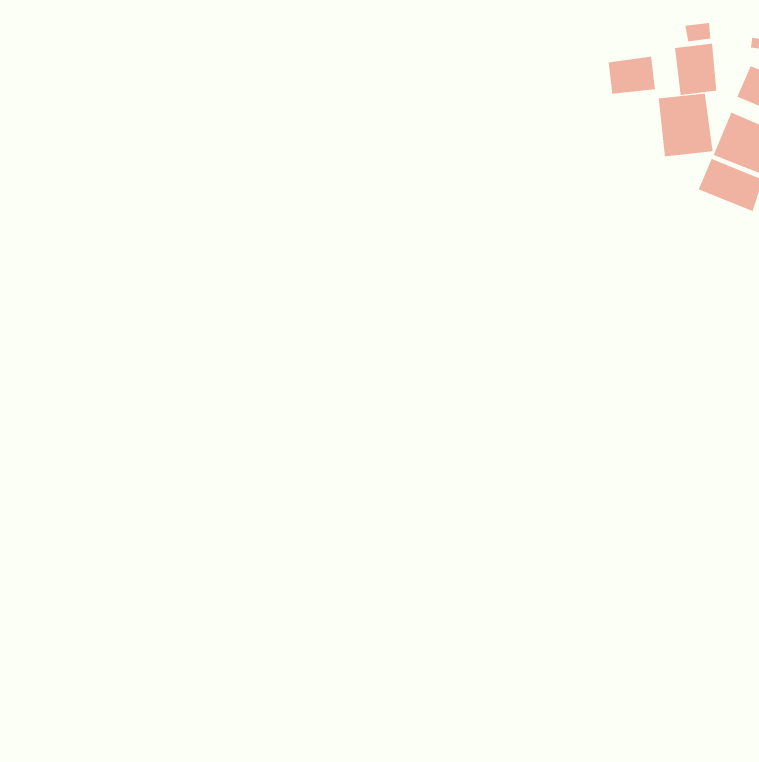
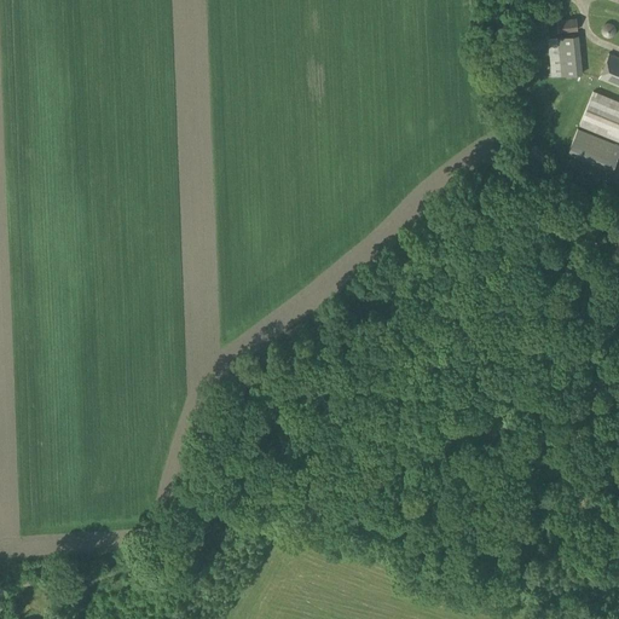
building: [608,56,656,95] -> none
building: [658,93,713,157] -> none

